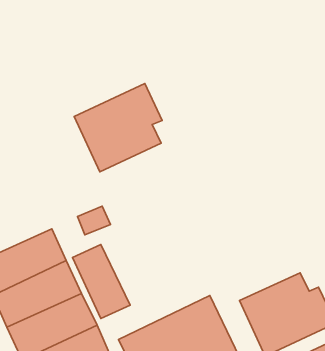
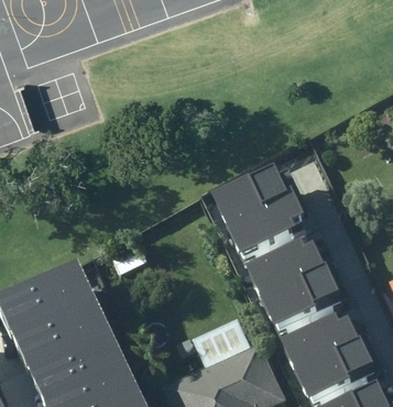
building: [74,84,162,172] -> [215,166,309,261]
building: none -> [250,242,353,331]
building: [72,245,130,319] -> none

